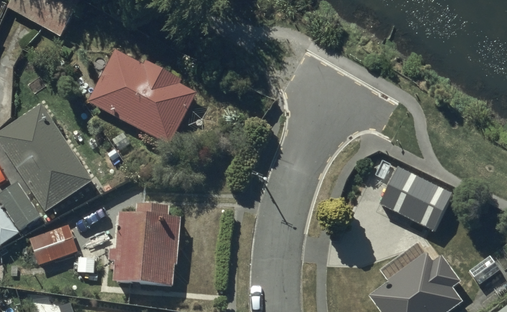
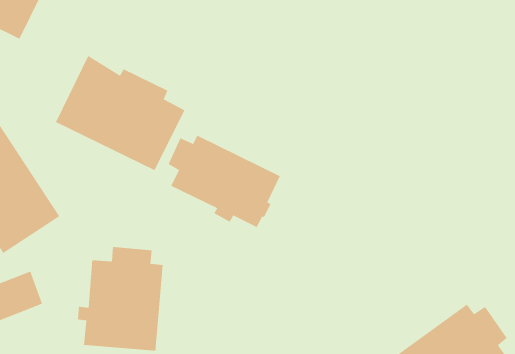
building: none -> [168,135,281,228]
building: [375,165,453,229] -> none

